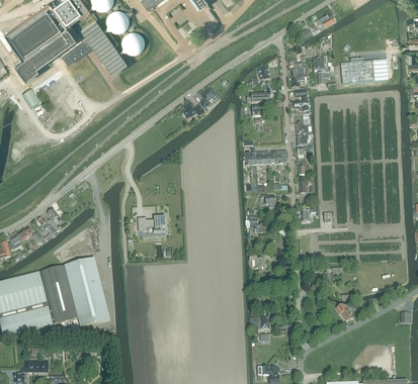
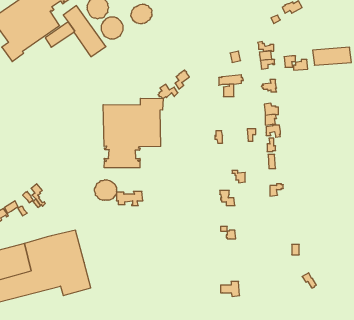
building: none -> [131,4,152,24]
building: none -> [103,98,163,168]
building: none -> [94,180,116,200]

